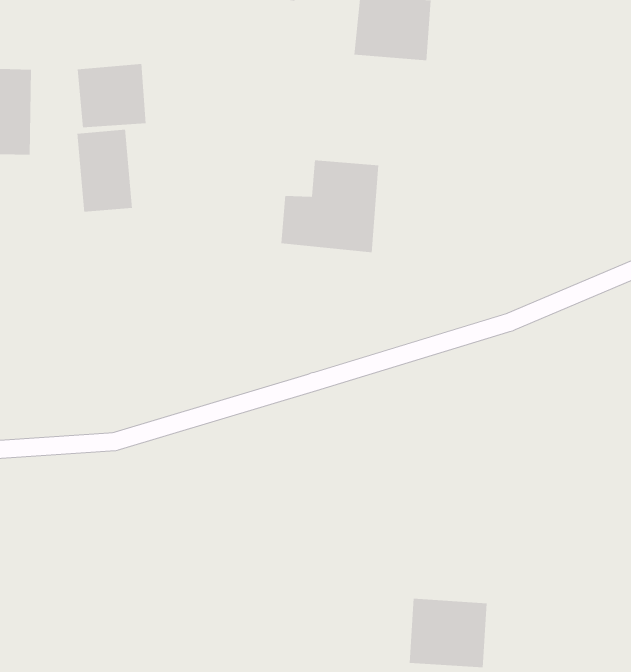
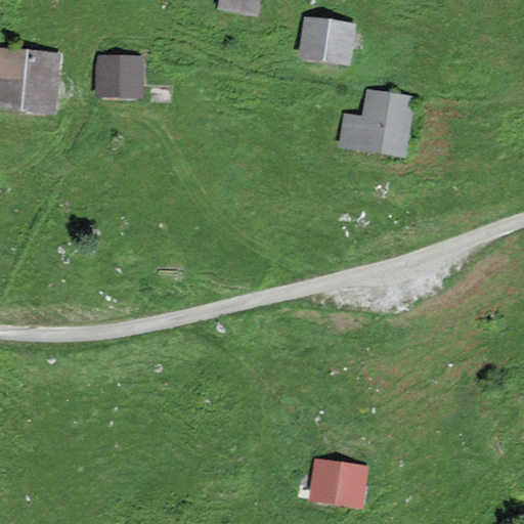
building: [77,129,133,213] -> none
building: [281,160,379,253] -> [338,88,413,159]

